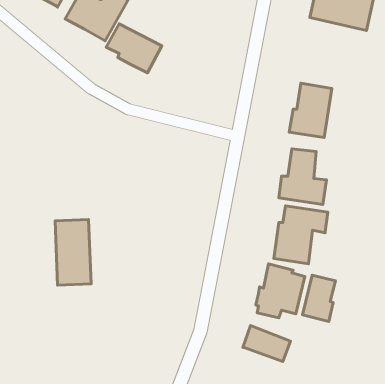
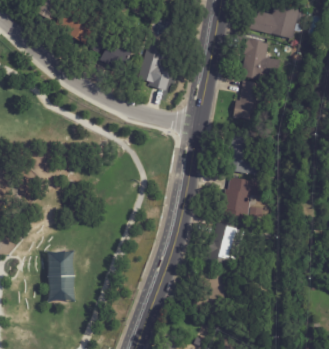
building: none -> [241,39,280,80]
building: none -> [137,42,175,90]
building: [55,219,91,285] -> [47,250,75,301]
building: [303,275,335,321] -> none

